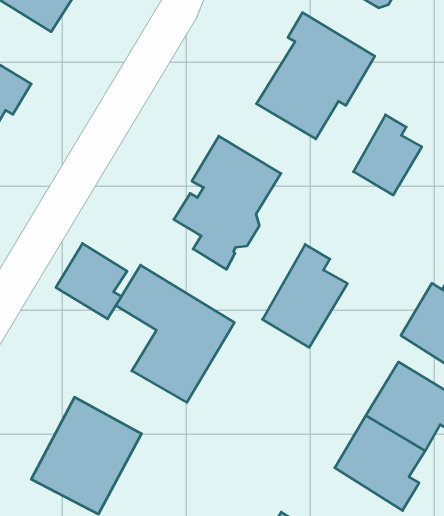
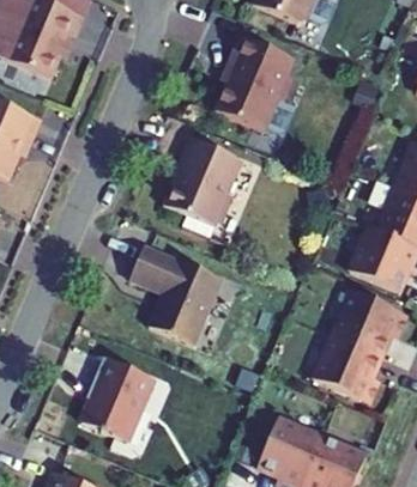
building: [353,115,422,195] -> none
building: [56,243,127,319] -> none
building: [262,244,347,347] -> none

